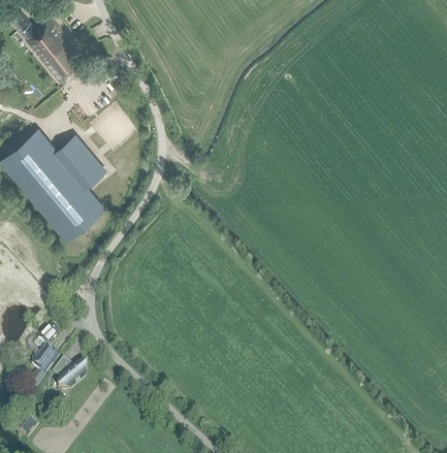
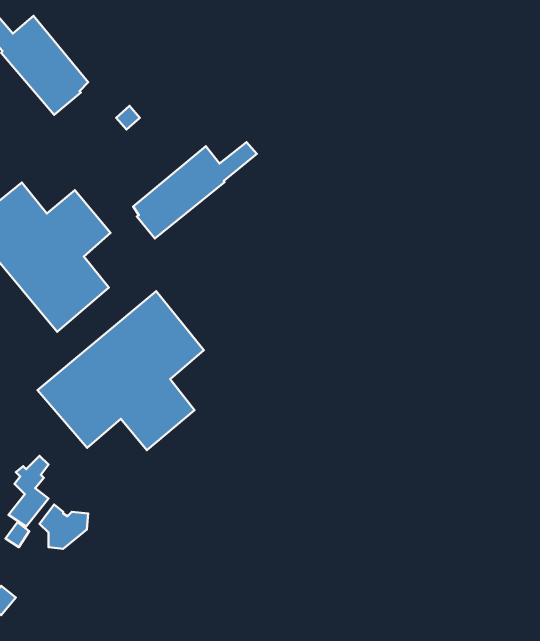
building: none -> [133,142,257,238]
building: none -> [38,291,204,450]

